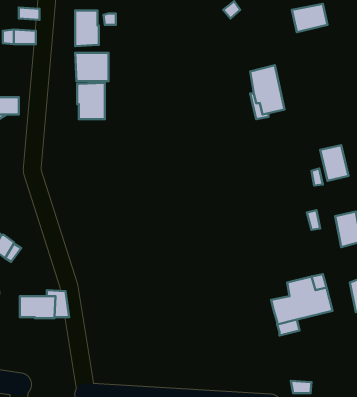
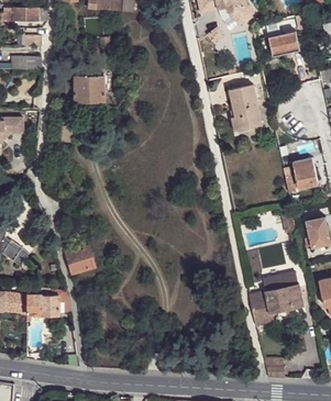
building: [75,11,99,46] -> none
building: [77,83,105,119] -> none
building: none -> [66,248,96,276]

